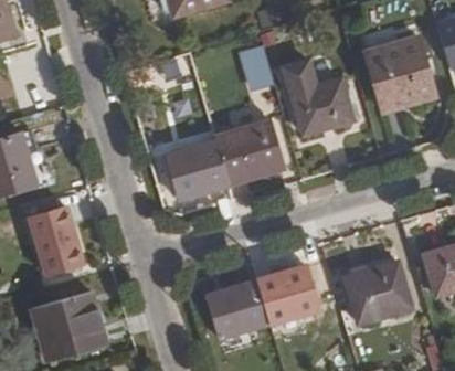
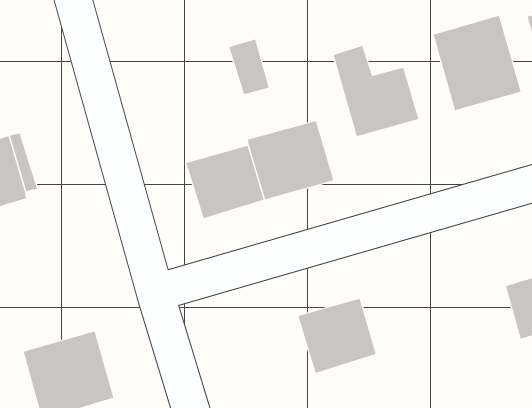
building: [240,45,273,91] -> [229,39,270,95]
building: [30,206,83,274] -> none
building: [343,261,411,324] -> none
building: [205,278,268,339] -> none

